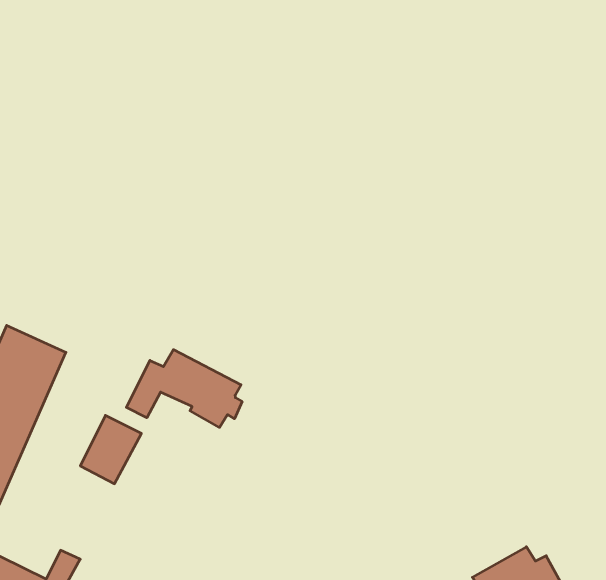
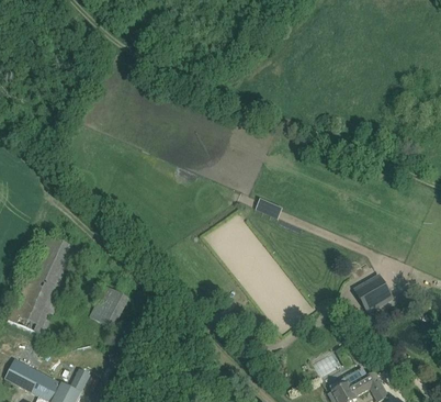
building: [126,350,242,427] -> none
building: none -> [354,273,394,314]

